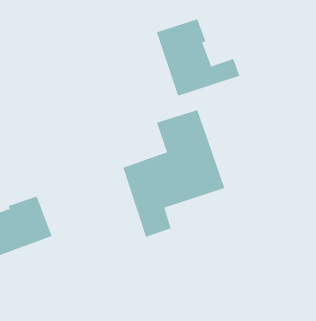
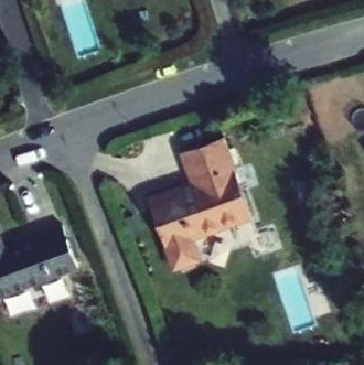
building: [156,19,240,97] -> none

